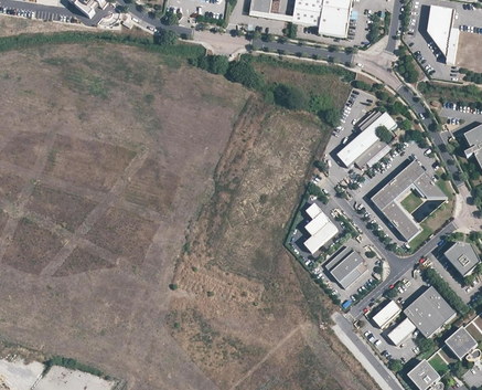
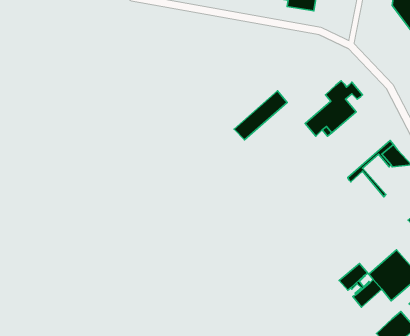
building: [369,159,425,210] -> [234,91,287,140]
building: [303,202,336,251] -> none
building: [384,203,419,241] -> none
building: [324,245,367,288] -> none

